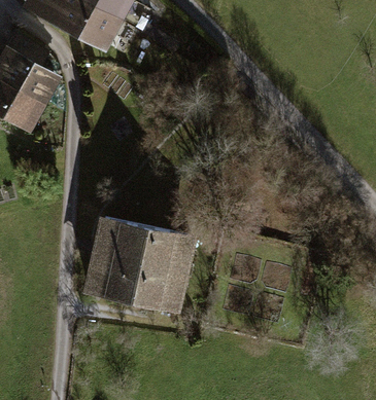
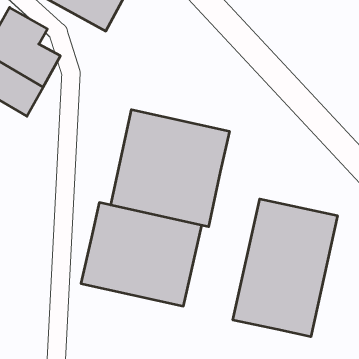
building: none -> [111,110,229,227]
building: none -> [233,199,337,337]

